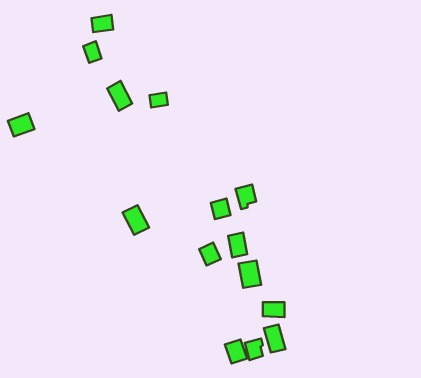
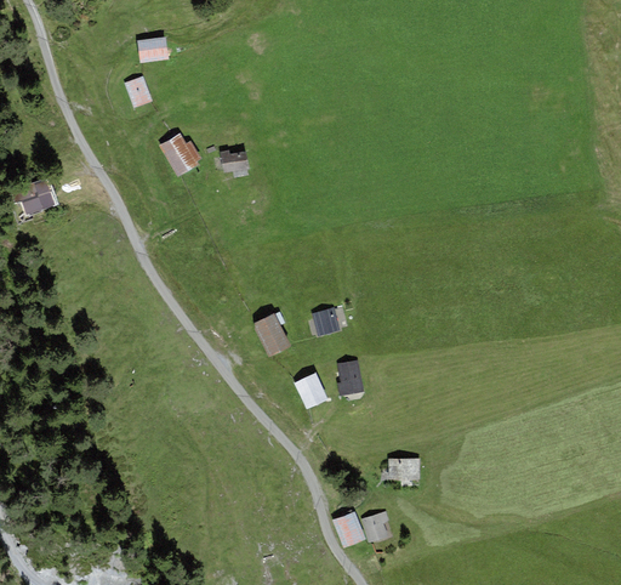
building: [236,185,256,209] -> none
building: [123,205,149,235] -> [253,313,292,357]
building: [239,260,261,288] -> none
building: [264,325,286,353] -> none

